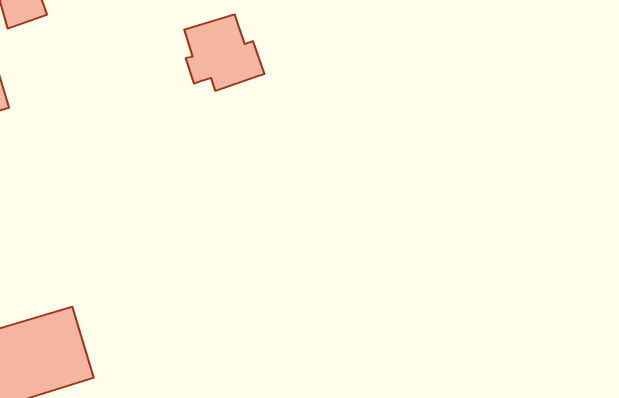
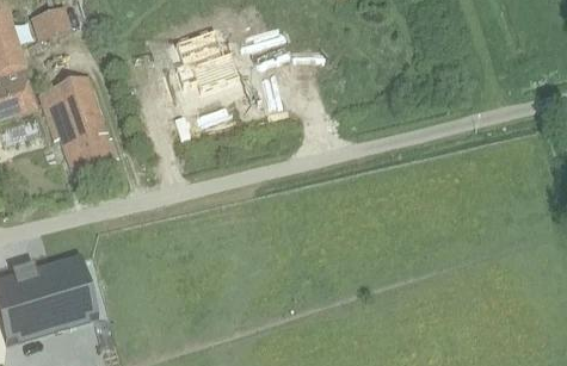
building: none -> [31,63,112,167]

